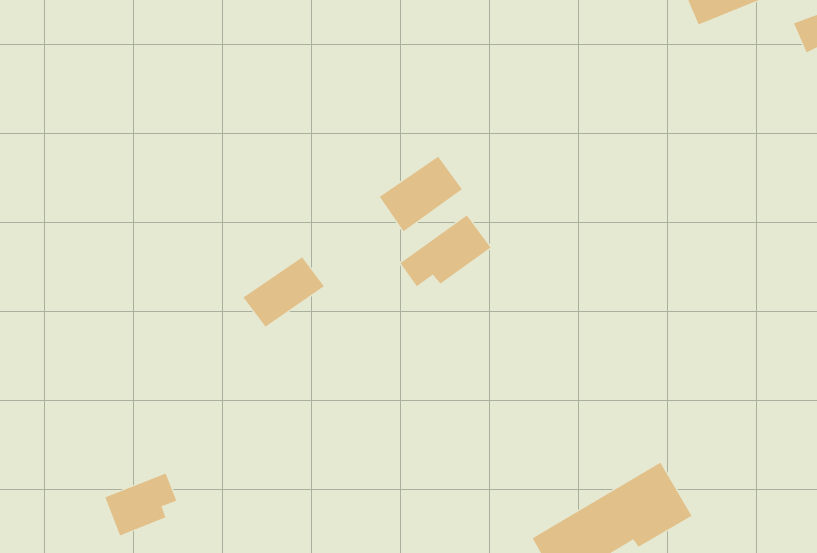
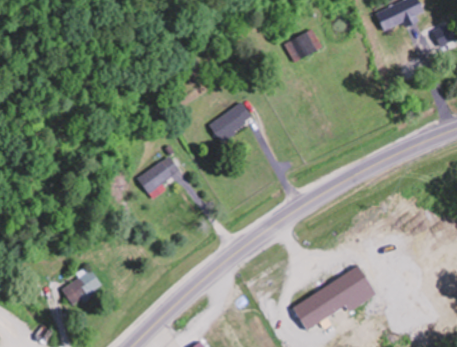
building: none -> [281,30,320,63]
building: [400,214,492,287] -> none

